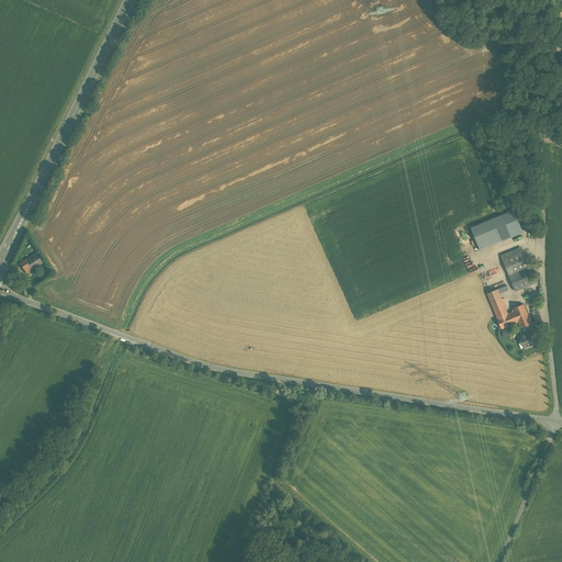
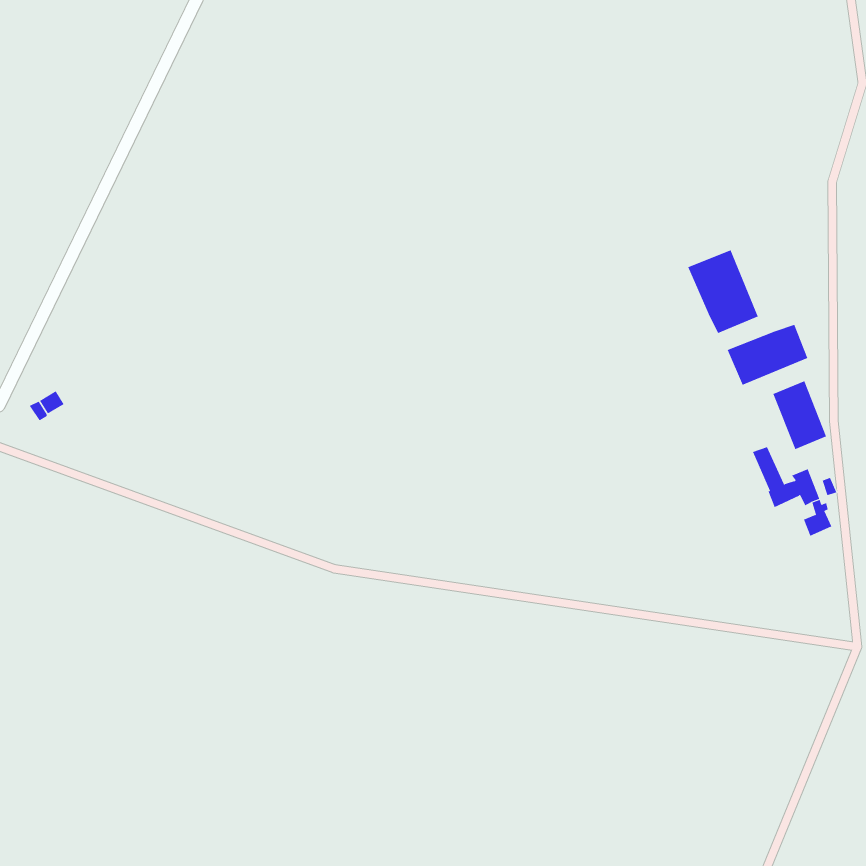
building: none -> [688,250,758,334]

